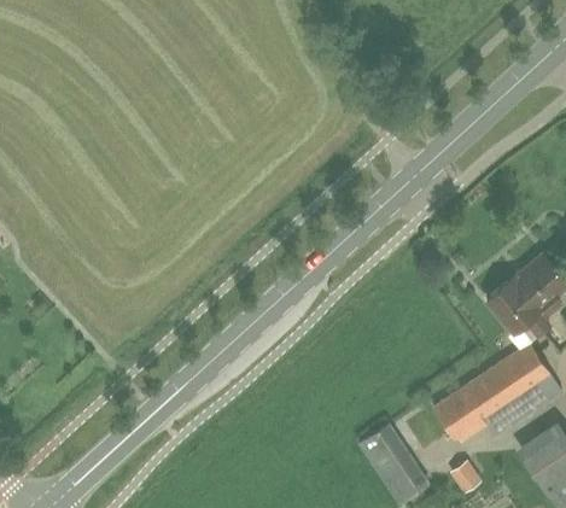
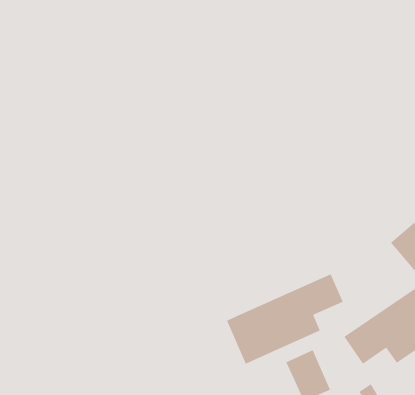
building: none -> [227,274,343,364]

